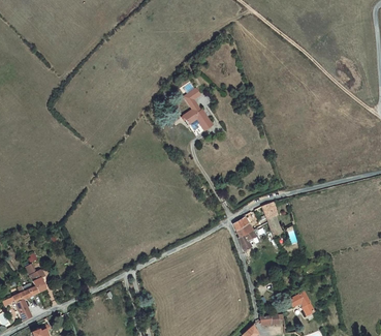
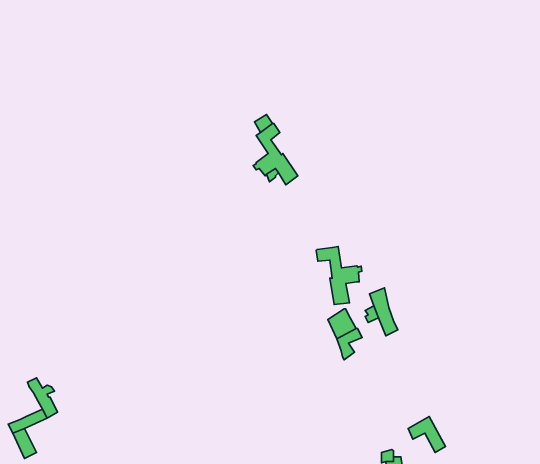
building: none -> [316,247,362,305]

